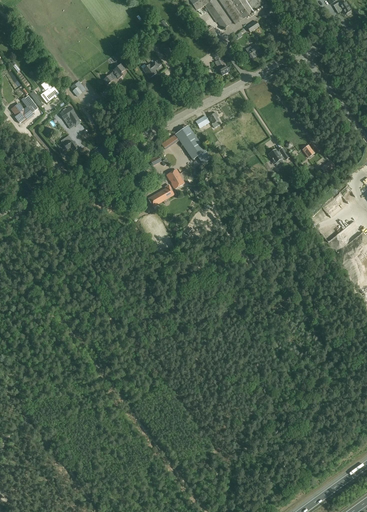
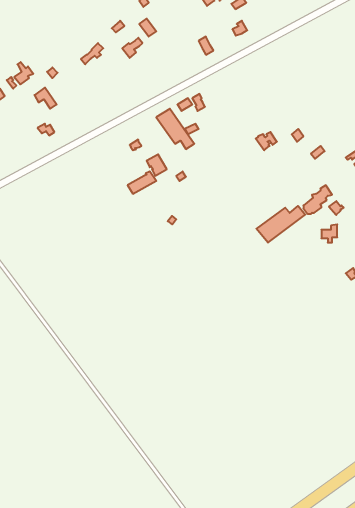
building: none -> [256,206,305,243]

